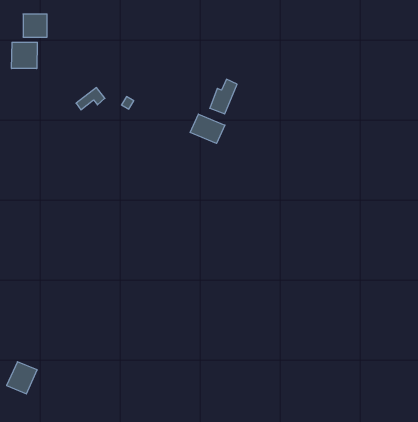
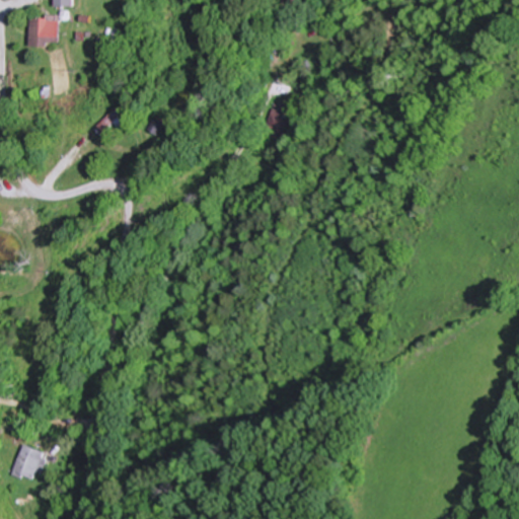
building: [12,42,37,69] -> none
building: [190,114,225,143] -> none

